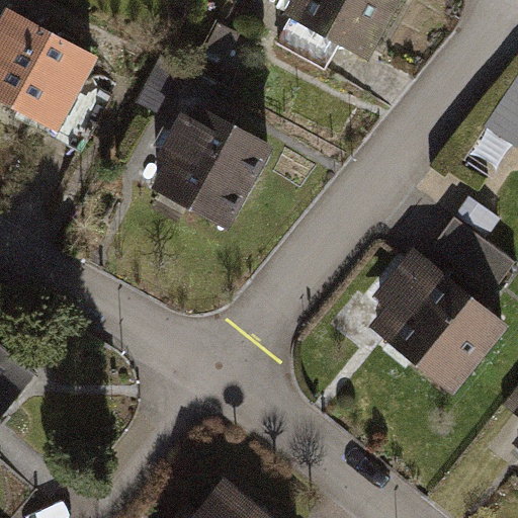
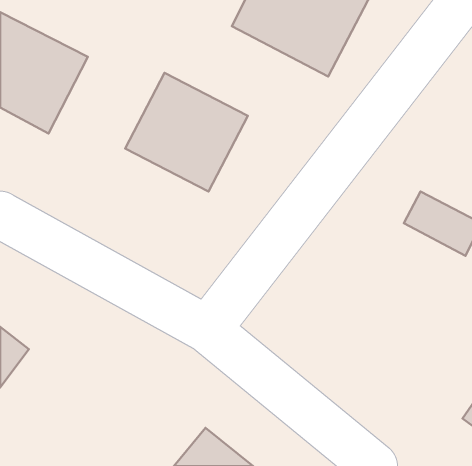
building: [354,246,508,396] -> none

